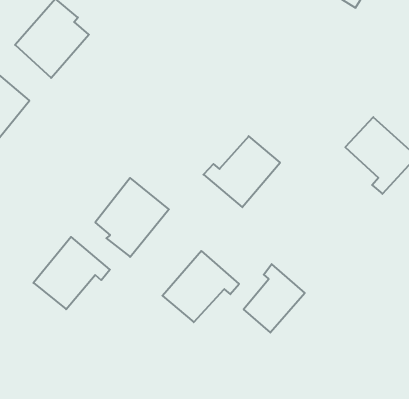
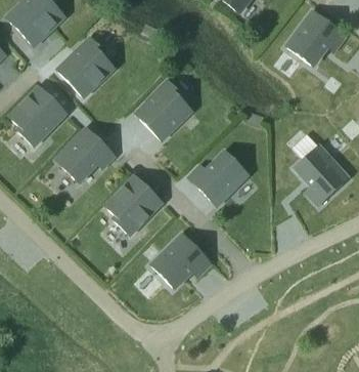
building: none -> [139,80,190,138]
building: [33,237,110,309] -> [55,127,113,180]
building: [244,264,305,333] -> none

